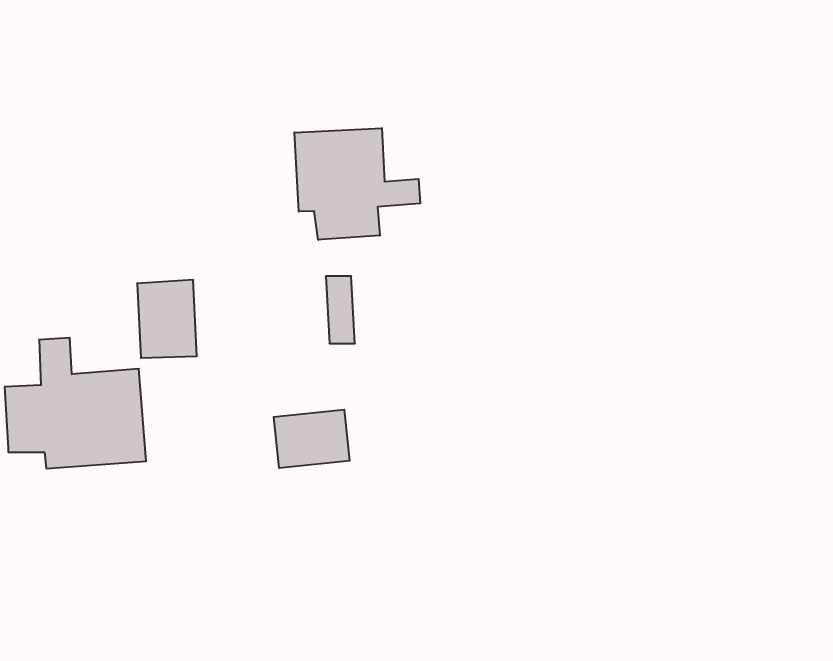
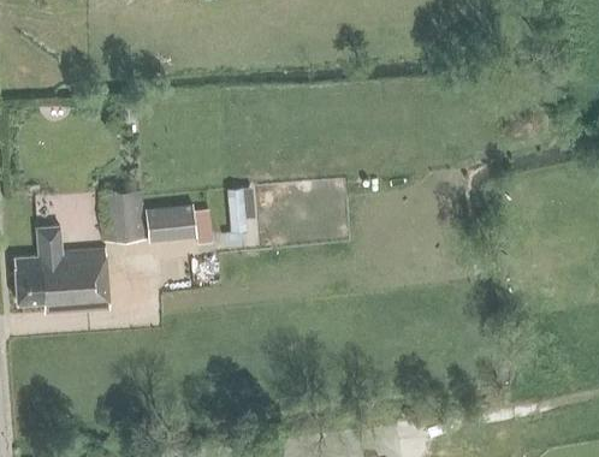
building: [294,128,420,240] -> none
building: [274,410,350,468] -> [146,203,196,242]

